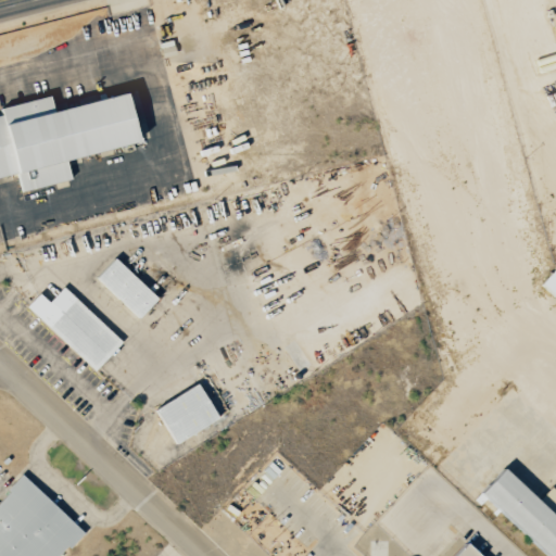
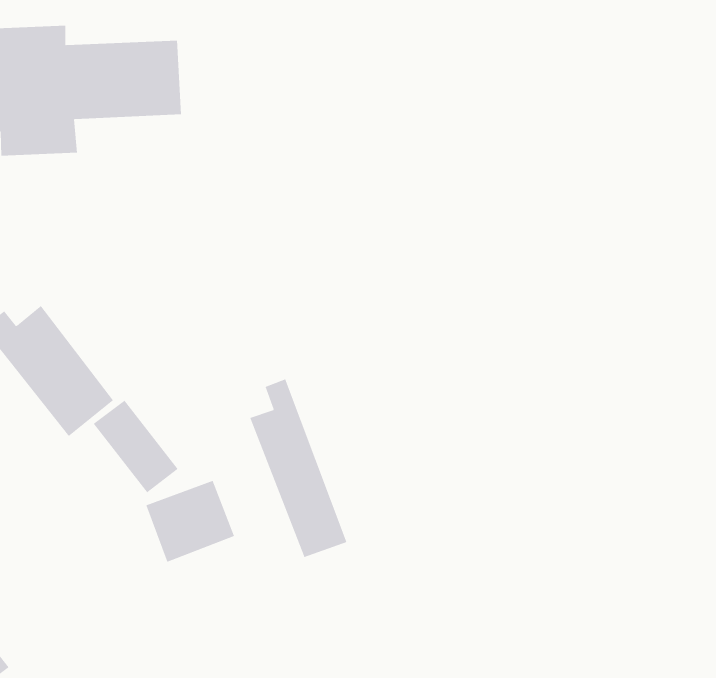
building: [98,257,160,317] -> [93,400,179,493]
building: none -> [249,378,347,558]

